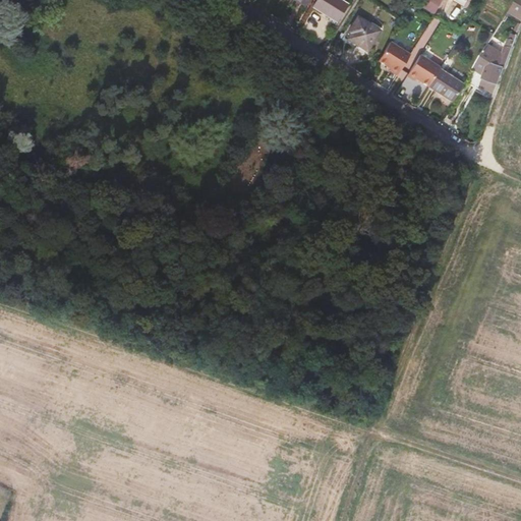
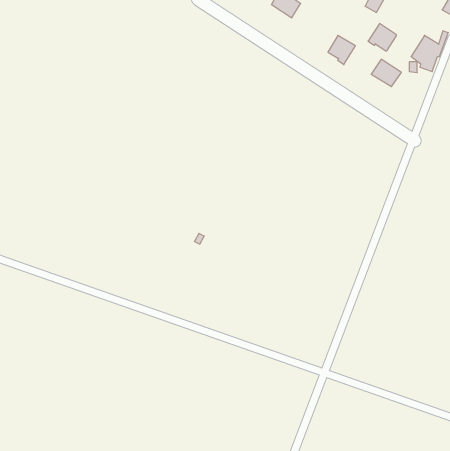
building: [348,16,380,51] -> none
building: [408,54,441,85] -> [368,23,396,51]

